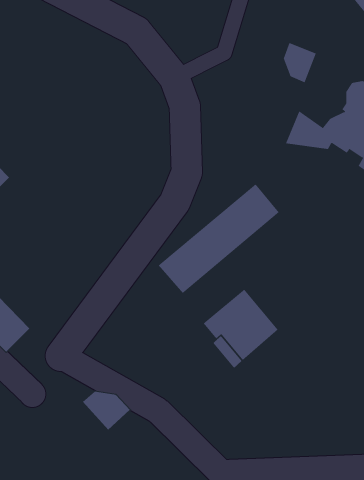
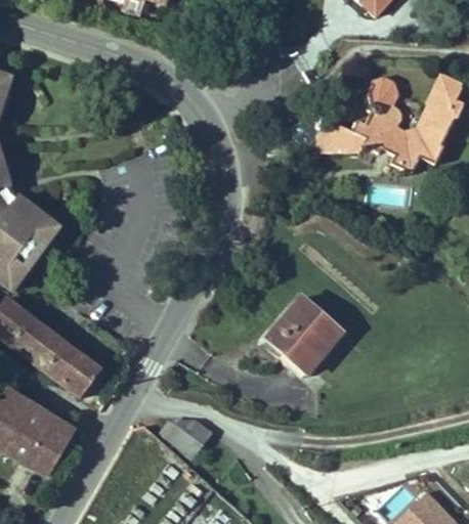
building: [283,42,317,83] -> none
building: [158,184,279,294] -> none

